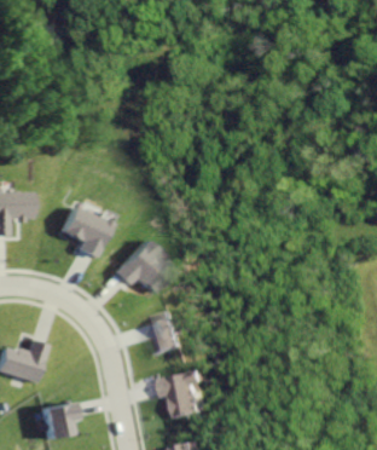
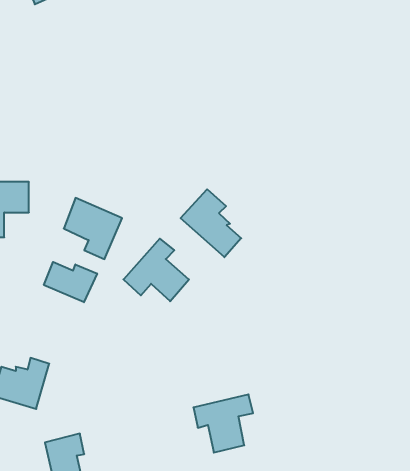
building: none -> [181,189,241,257]
building: none -> [44,262,97,302]
building: [151,312,190,357] -> none

